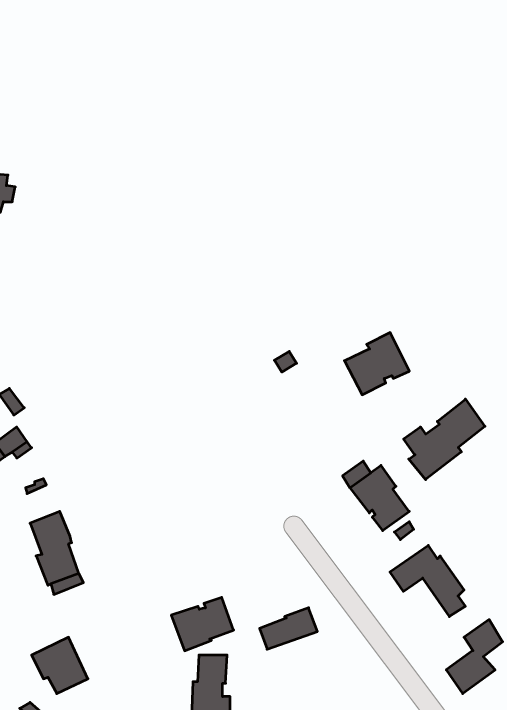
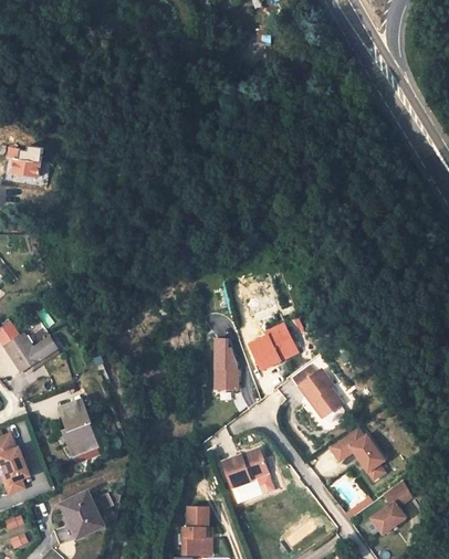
building: [344,333,409,395] -> [249,324,297,370]
building: [404,399,485,480] -> none
building: none -> [216,340,238,390]
building: [171,597,234,651] -> [221,447,268,487]

